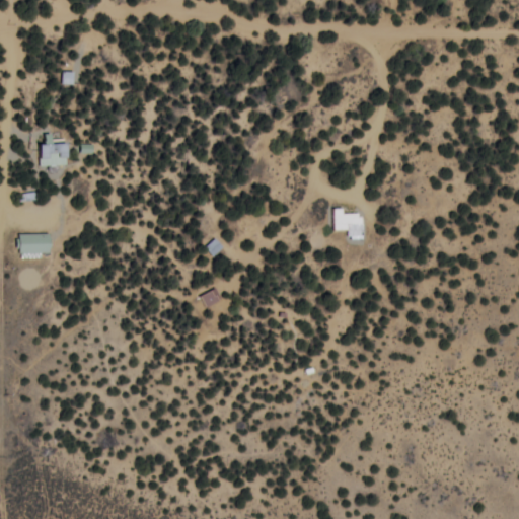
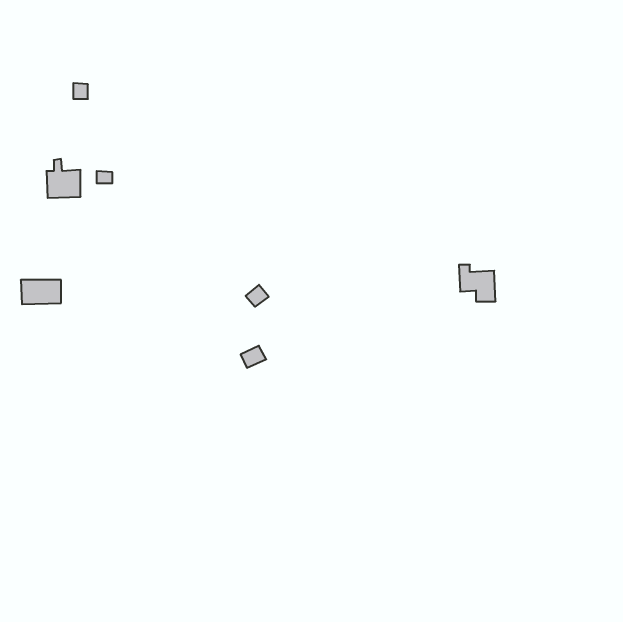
building: [333,209,364,239] -> [459,265,496,301]

